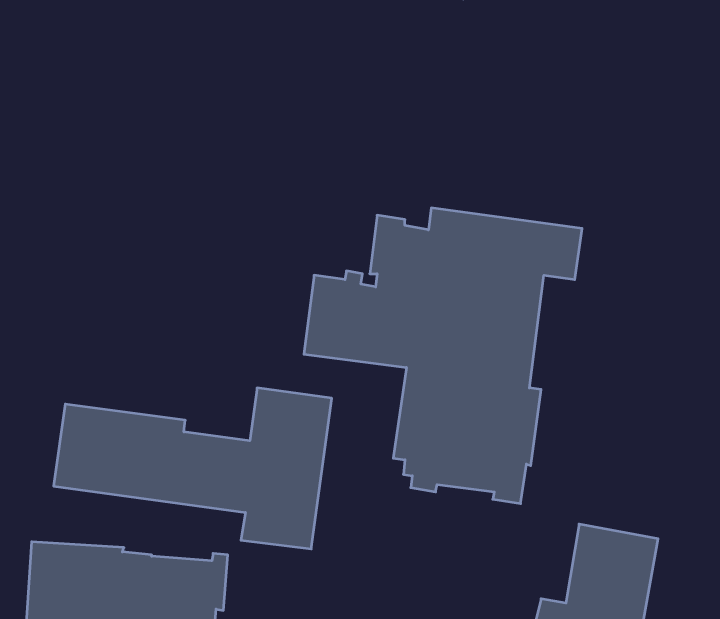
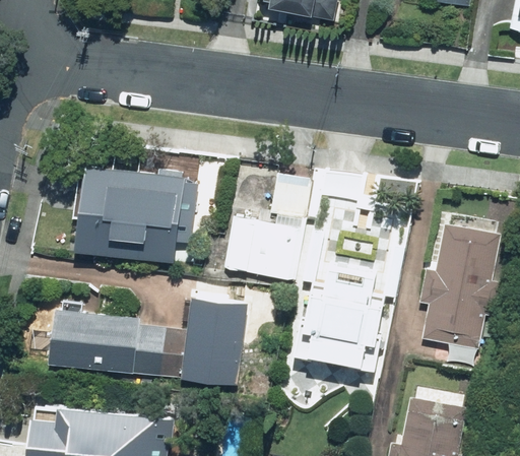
building: none -> [74,169,196,263]
building: none -> [416,204,501,373]

